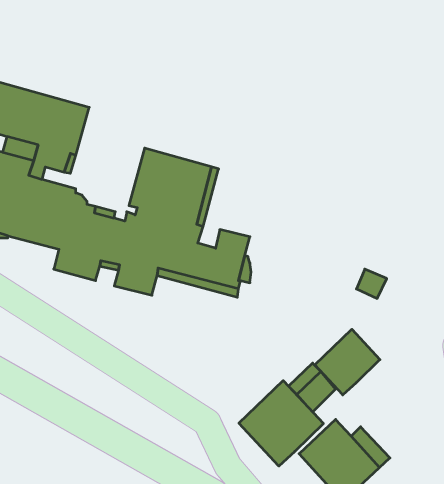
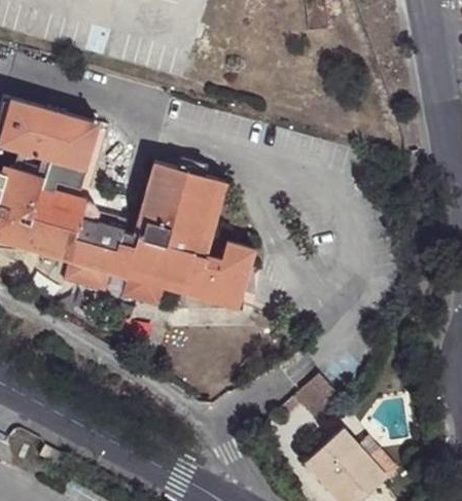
building: [315,329,380,395] -> none
building: [239,381,323,466] -> none

